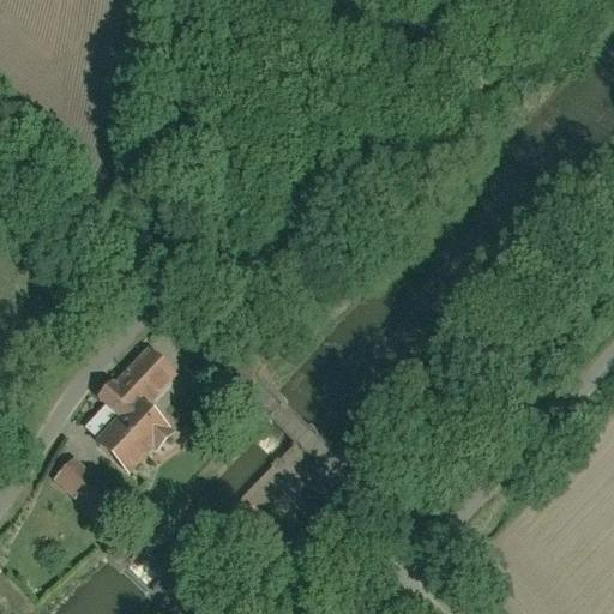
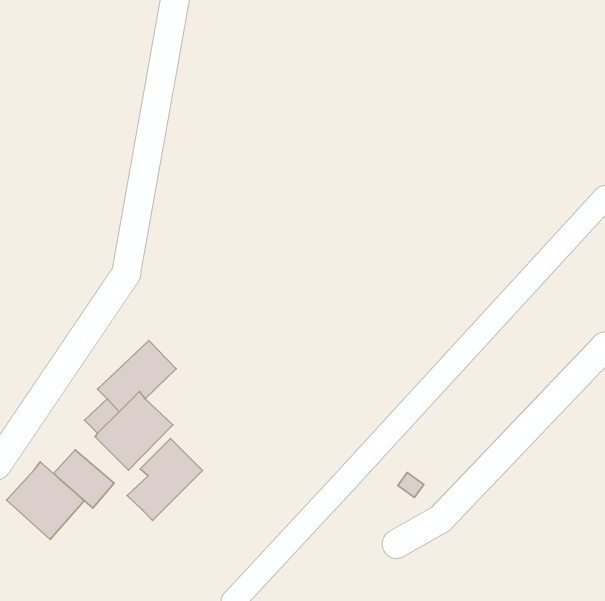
building: none -> [127,438,203,521]
building: none -> [7,462,84,540]

